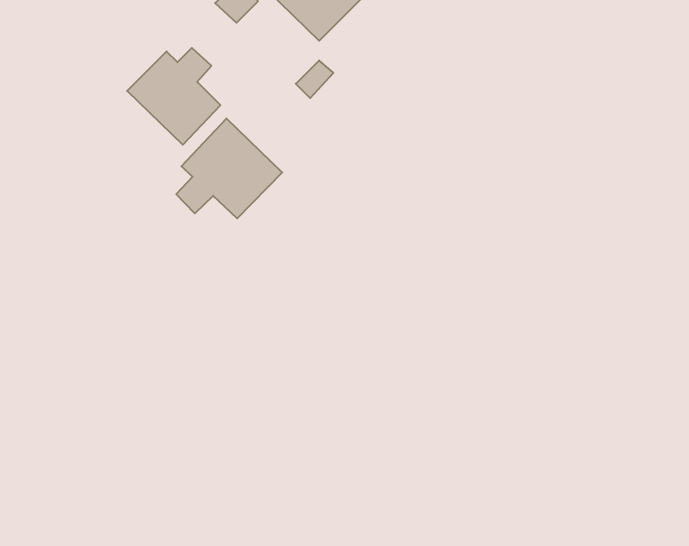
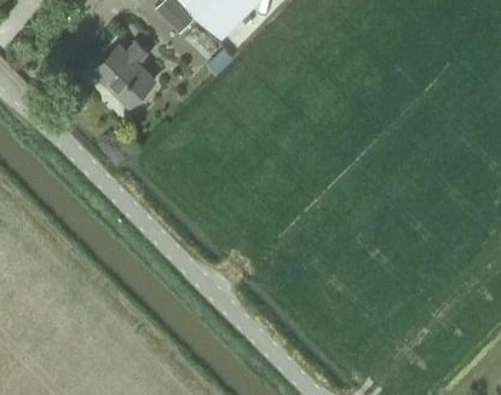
building: [176,118,282,218] -> none

